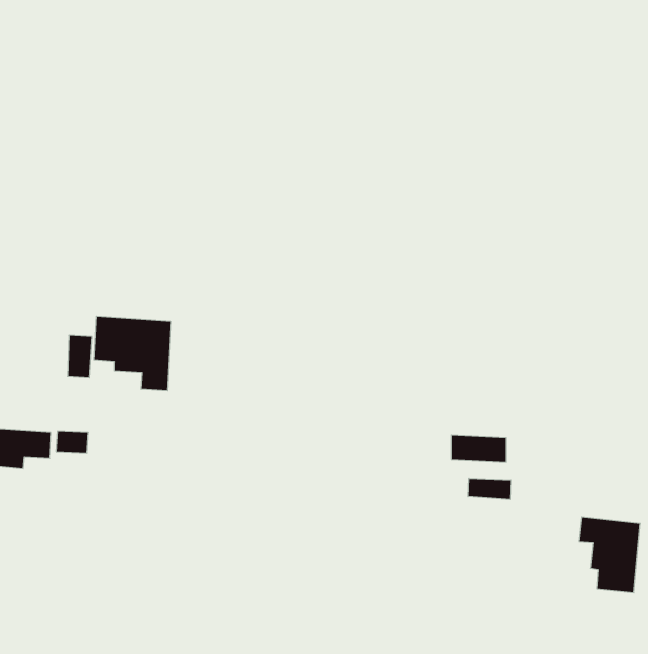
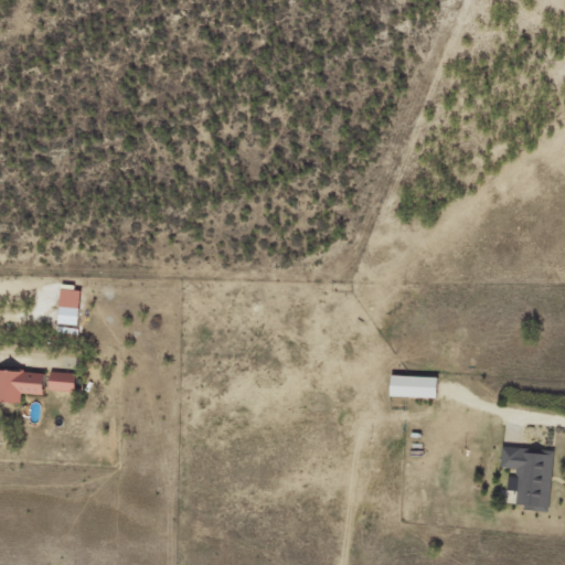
building: [94,316,171,391] -> none
building: [468,478,511,499] -> none

